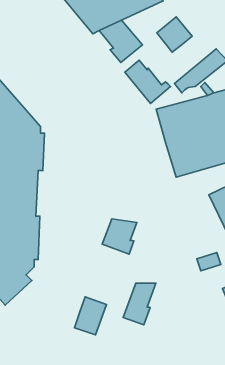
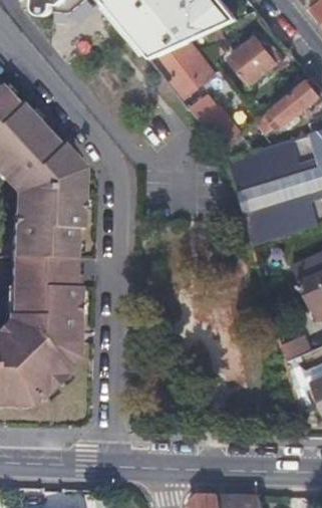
building: [102,219,137,254] -> none
building: [123,283,156,325] -> none
building: [75,297,107,335] -> none

